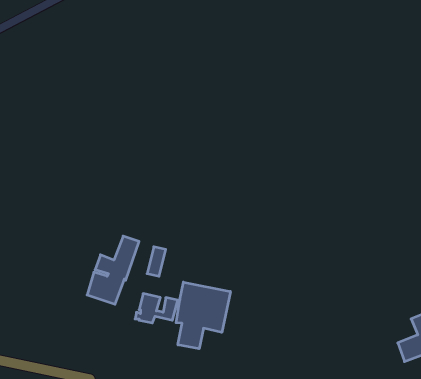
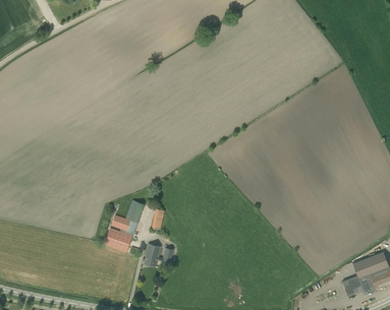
building: [176,282,230,349] -> none

